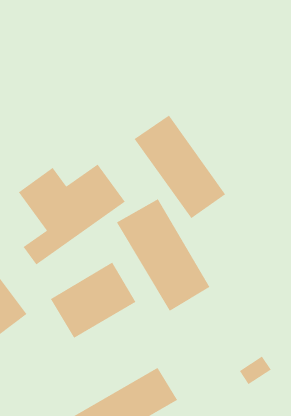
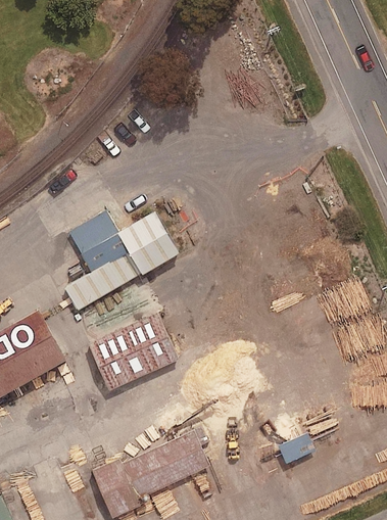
building: [133,114,226,219] -> none
building: [116,198,211,312] -> none

